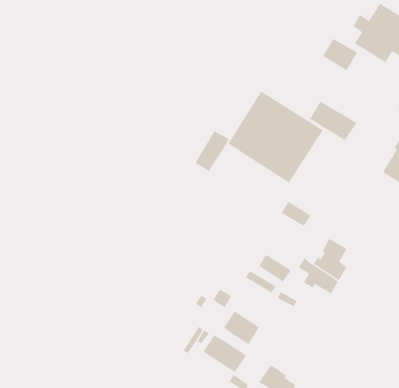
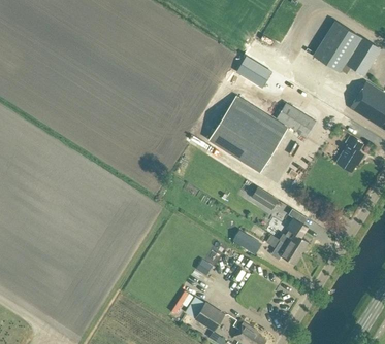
building: [322,38,358,71] -> [236,56,266,83]
building: [194,130,230,172] -> none
building: [223,311,260,345] -> none

